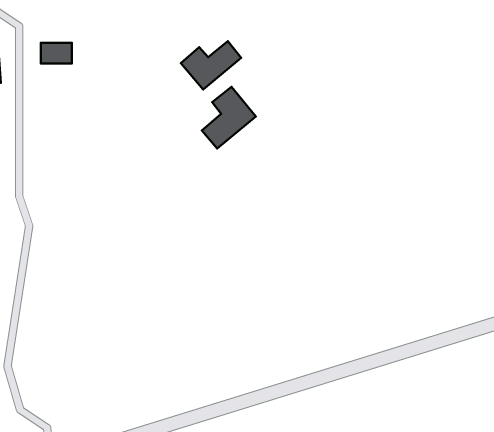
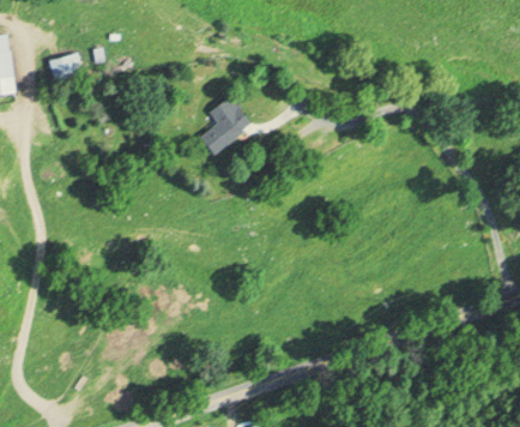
building: [181,41,241,90] -> none

